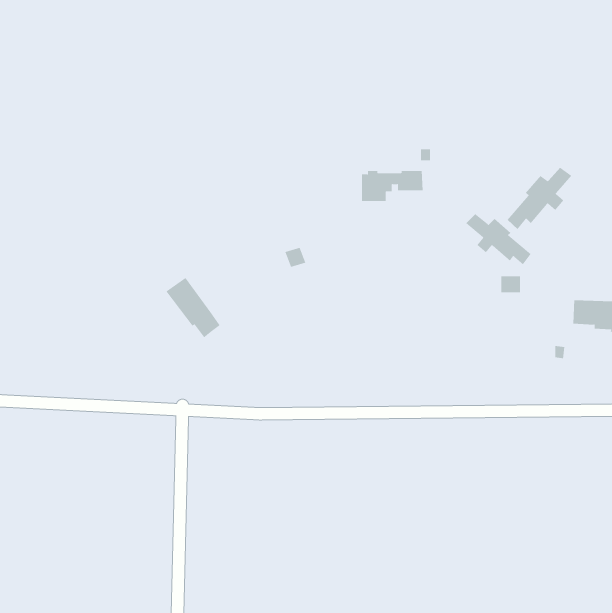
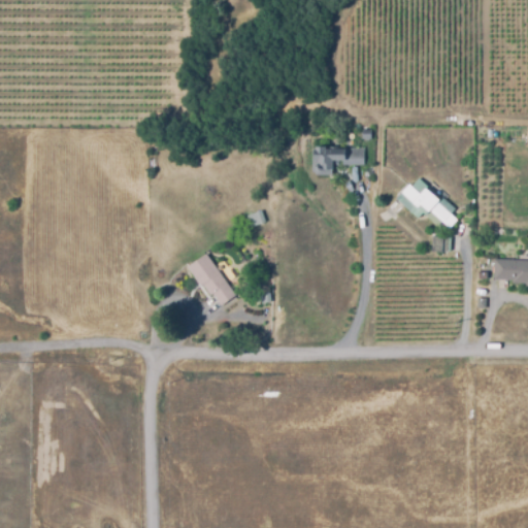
building: [507,167,572,230] -> none
building: [165,277,221,338] -> [189,253,236,305]

